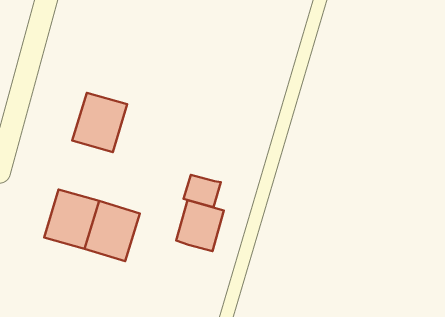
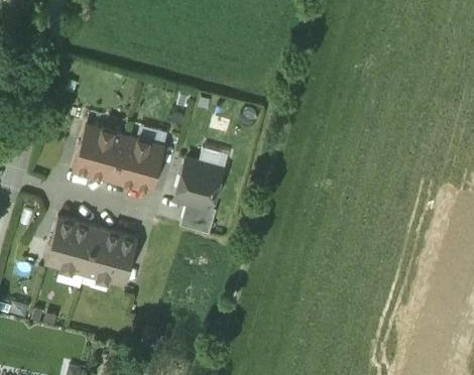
building: none -> [111,133,164,192]
building: [176,200,224,251] -> [174,158,221,208]

